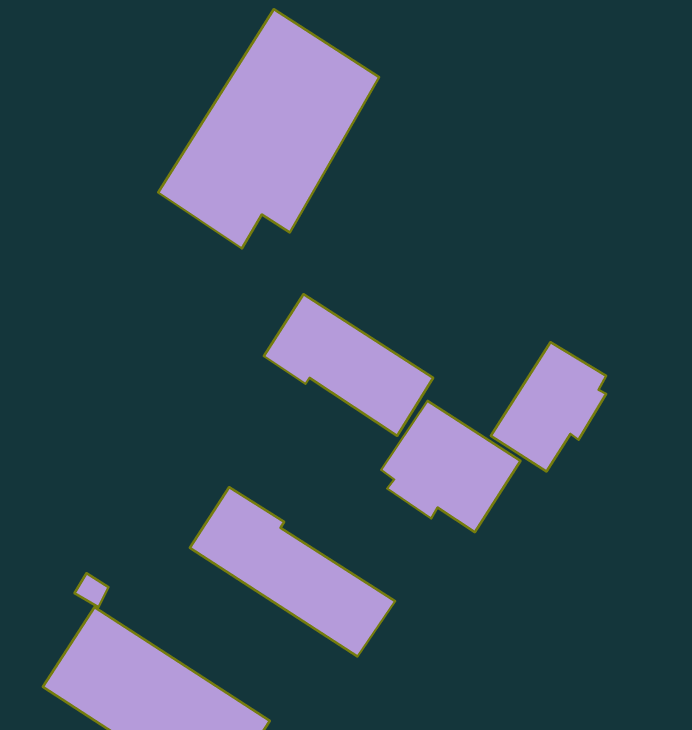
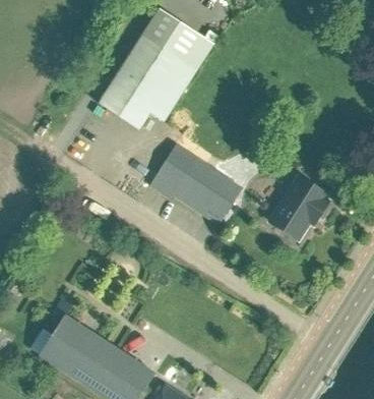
building: [381,401,520,532] -> none
building: [190,487,395,656] -> none

